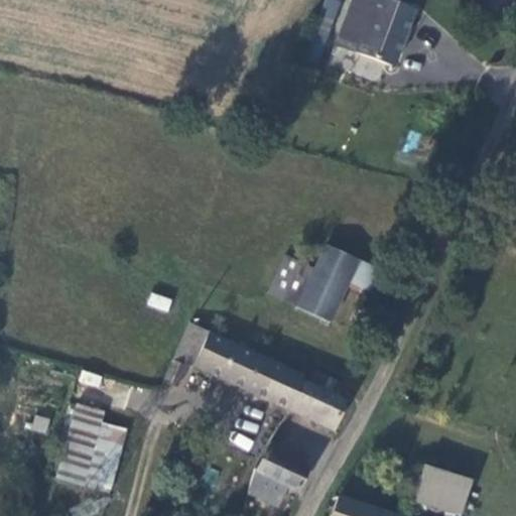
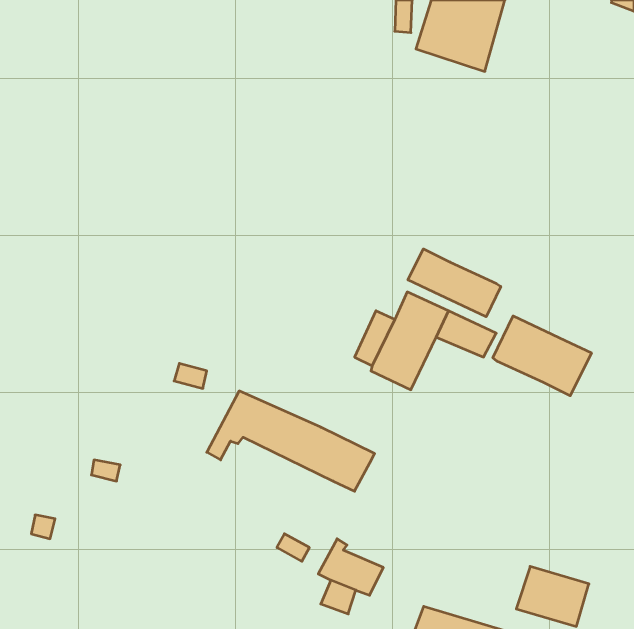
building: none -> [408,249,501,317]
building: none -> [493,316,591,396]
building: [285,378,350,429] -> none
building: [50,411,120,502] -> none

